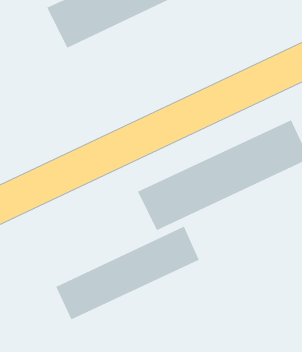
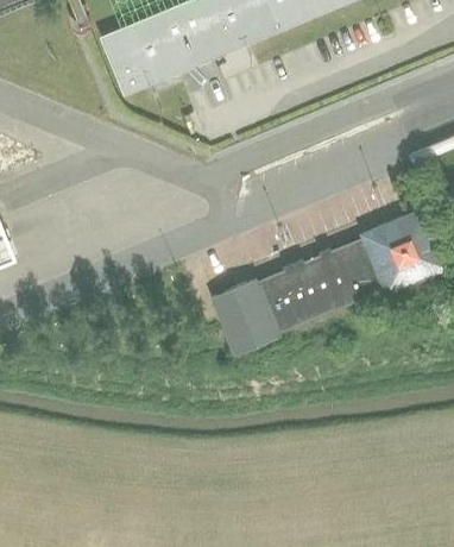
building: [55,226,199,320] -> none

